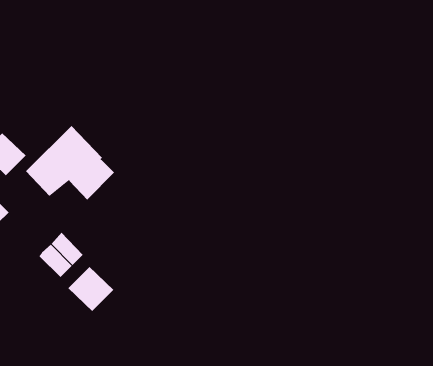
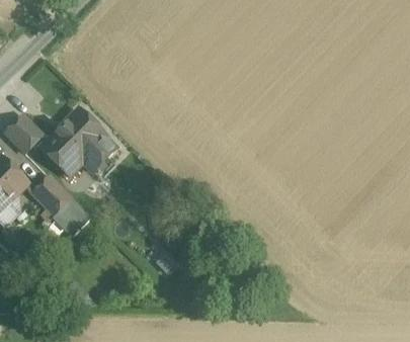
building: none -> [31,175,71,215]
building: [68,266,114,312] -> none

